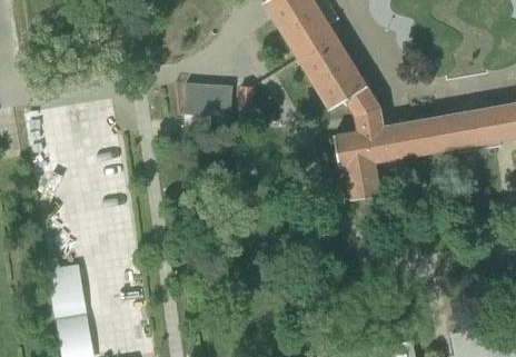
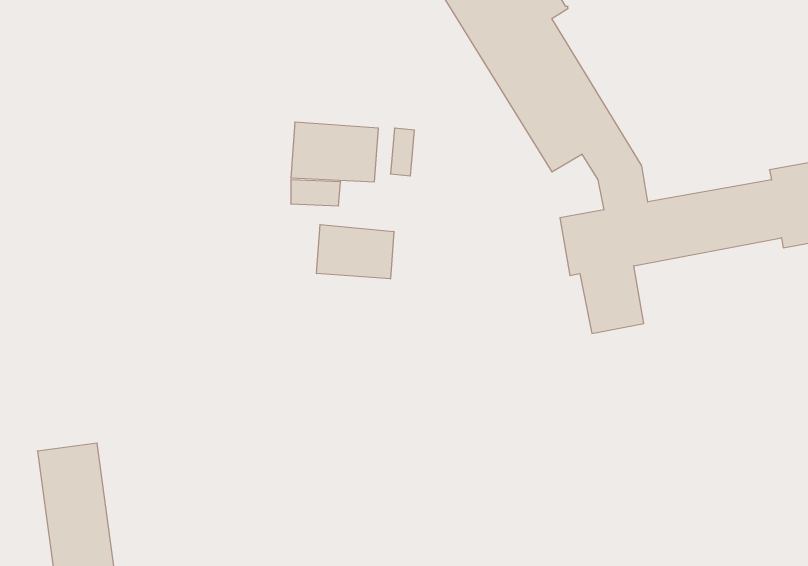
building: none -> [317,224,394,279]

